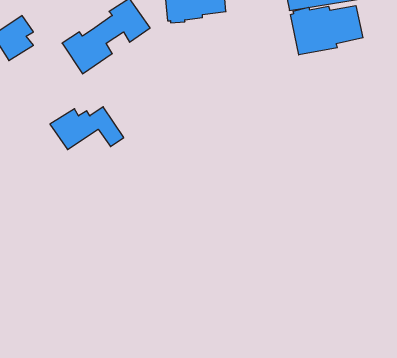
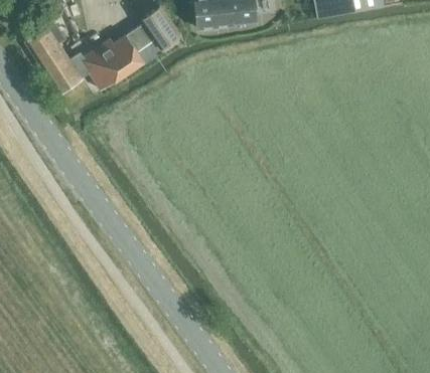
building: [291,6,363,55] -> none
building: [50,107,124,150] -> [41,50,114,92]

